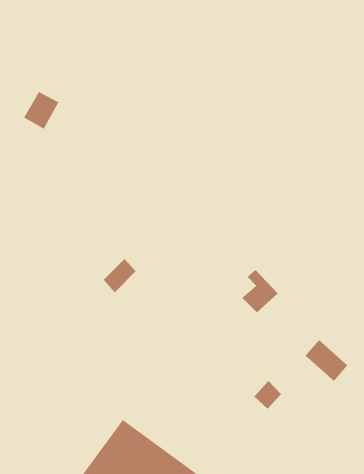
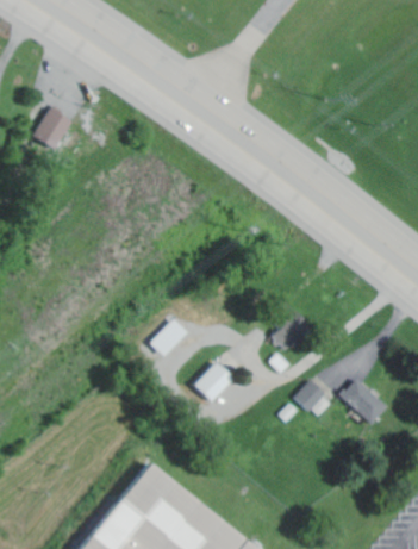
building: [103,258,137,293] -> [150,318,187,356]
building: none -> [193,361,233,401]
building: [253,380,282,410] -> [294,379,325,411]

